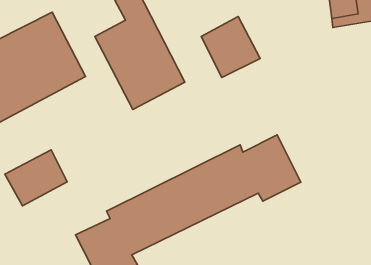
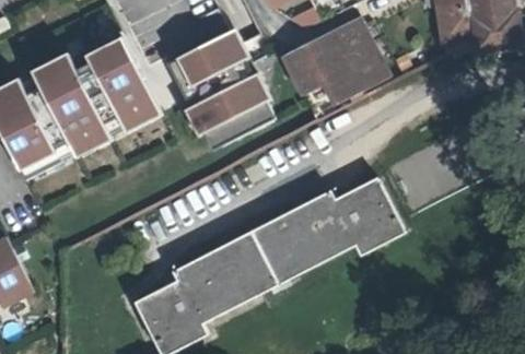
building: none -> [334,22,390,86]
building: [5,150,67,206] -> none

